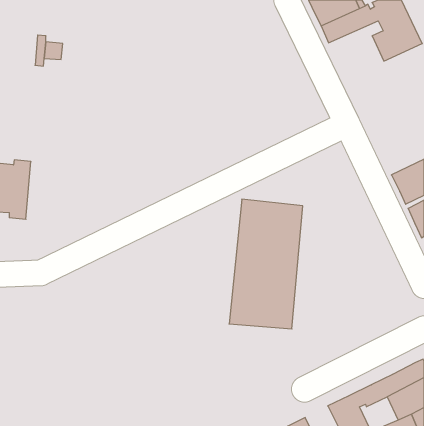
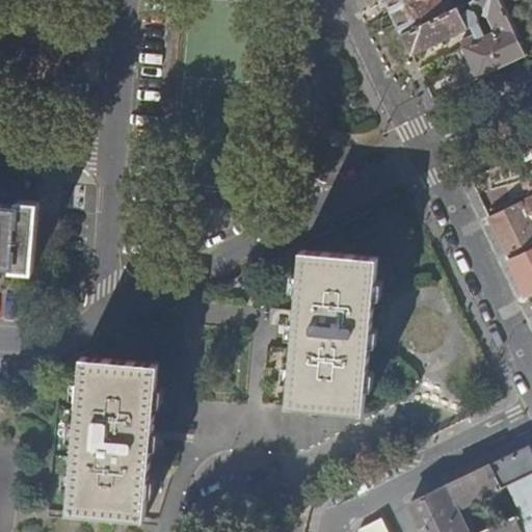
building: none -> [64,357,156,520]

